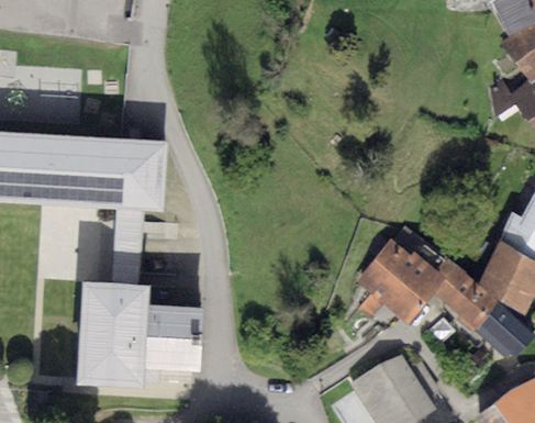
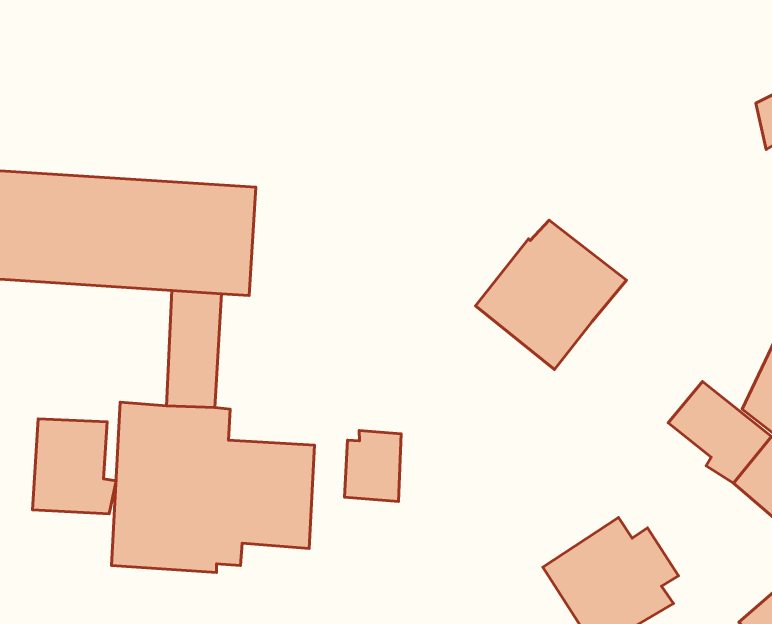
building: [357,227,454,323] -> [475,220,627,370]
building: none -> [32,419,116,514]
building: none -> [344,430,401,501]

